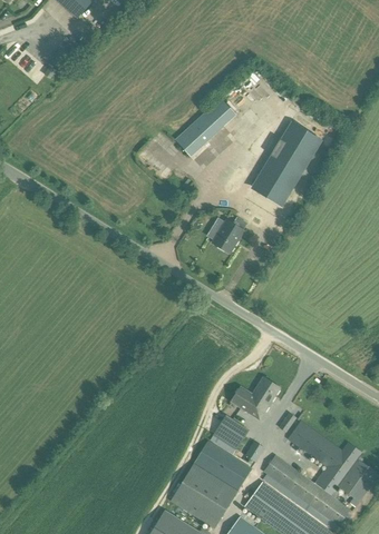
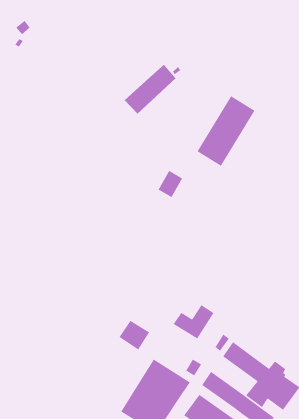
building: [212,415,249,451] -> [119,320,150,350]

